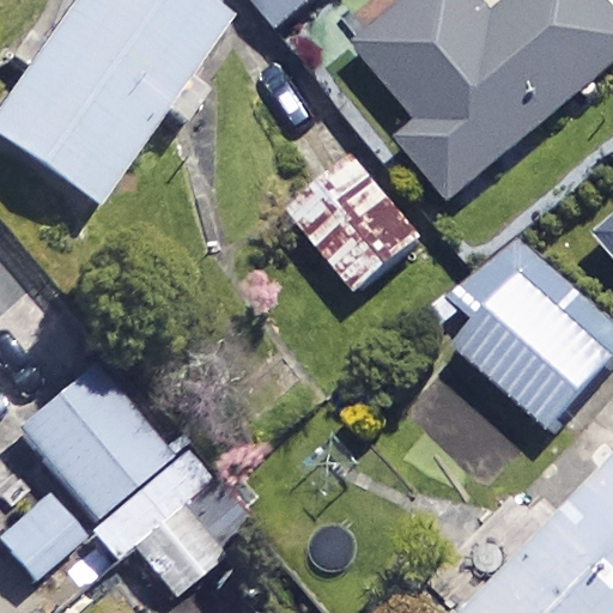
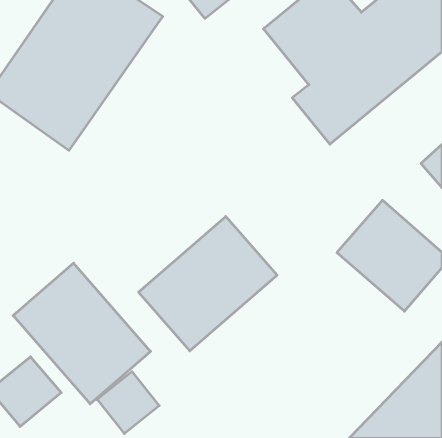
building: [289,151,427,291] -> none
building: none -> [139,216,277,351]

